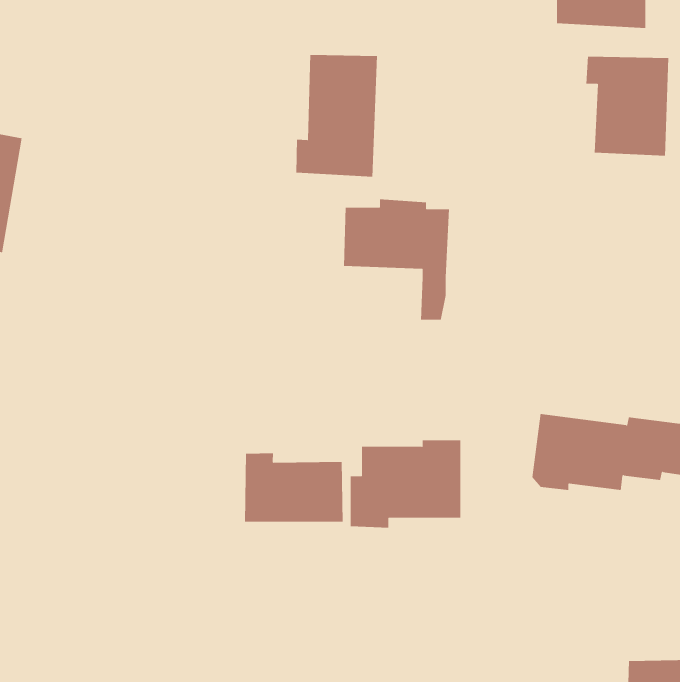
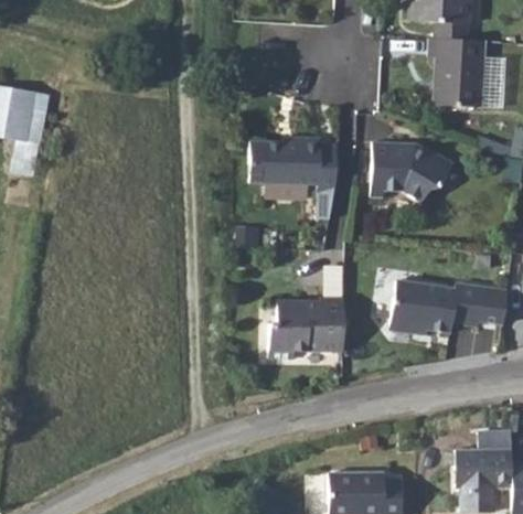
building: [296,54,378,178] -> none
building: none -> [371,143,453,204]
building: [245,452,343,522] -> none

